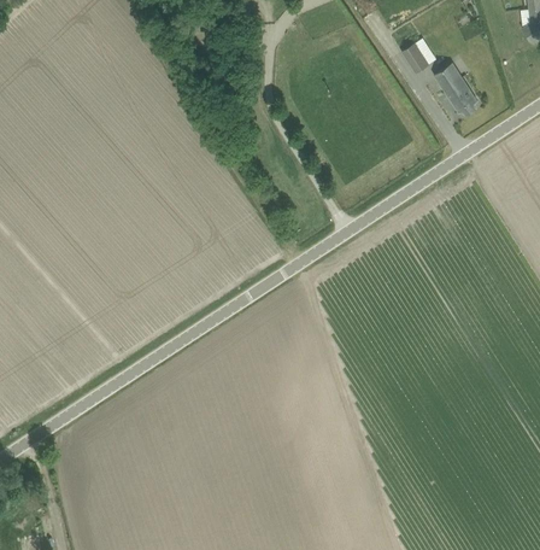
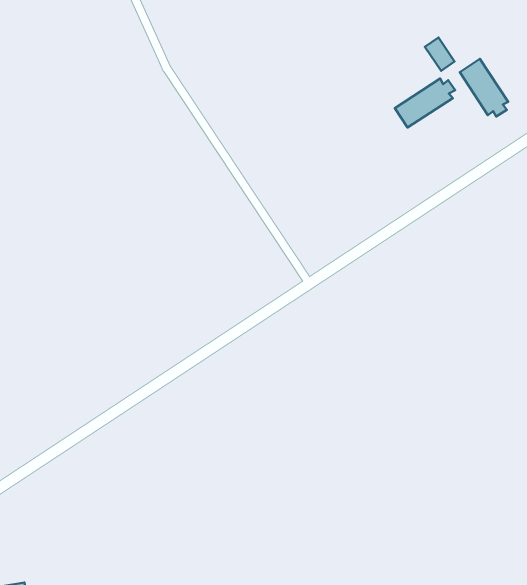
building: none -> [395,78,455,128]

